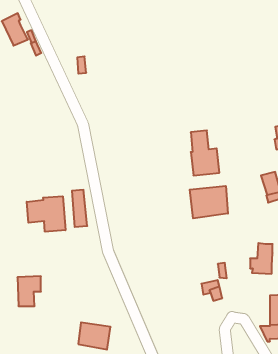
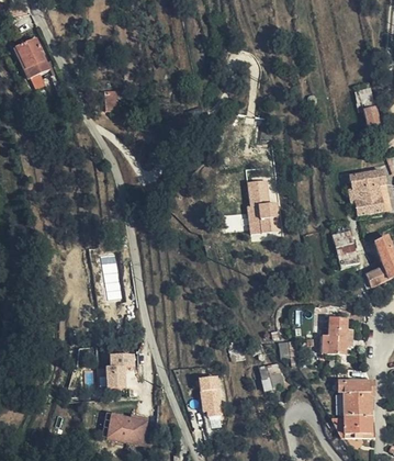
building: [190,186,228,218] -> none
building: [27,196,65,232] -> none
building: [17,276,41,306] -> [106,349,135,385]
building: none -> [199,372,224,417]

